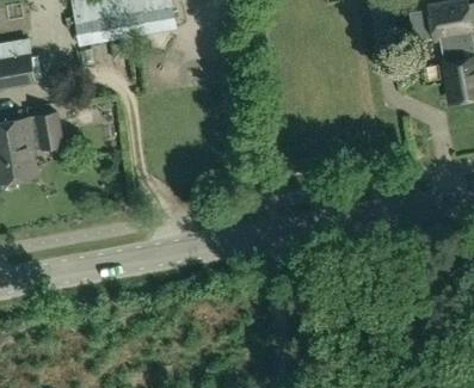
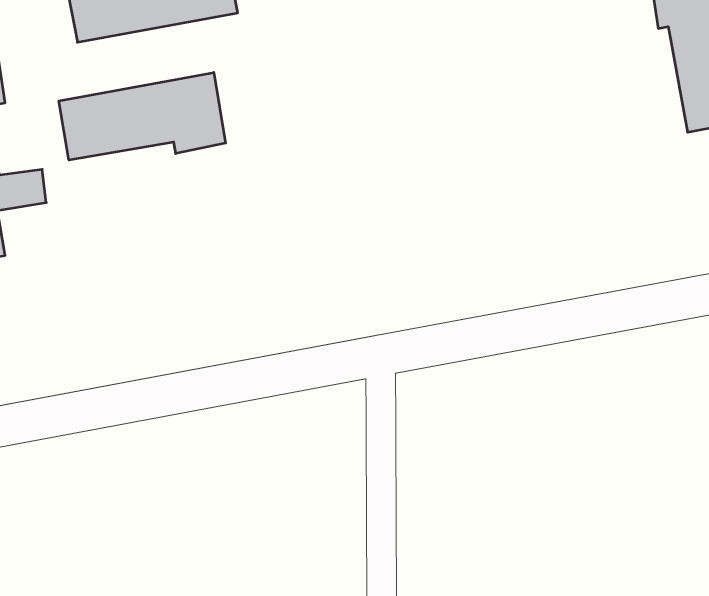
building: none -> [59,72,226,160]

